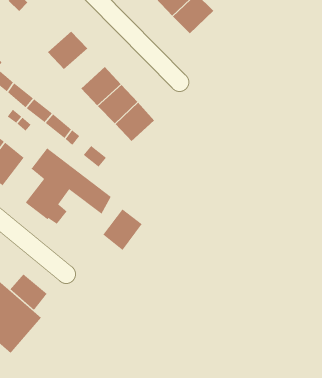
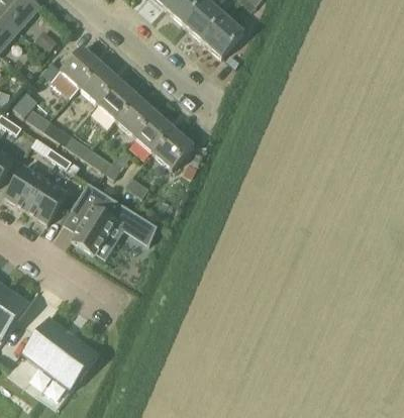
building: none -> [52,47,102,99]
building: none -> [98,81,138,121]
building: [102,209,143,251] -> none
building: [10,273,48,311] -> none

